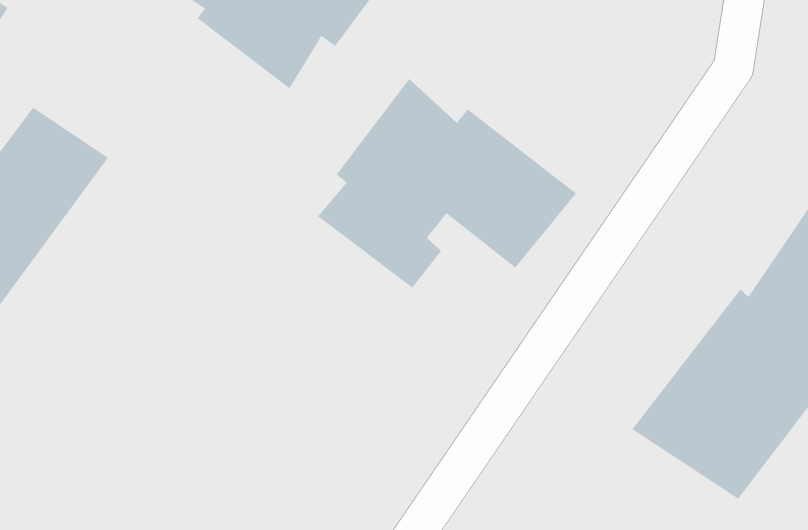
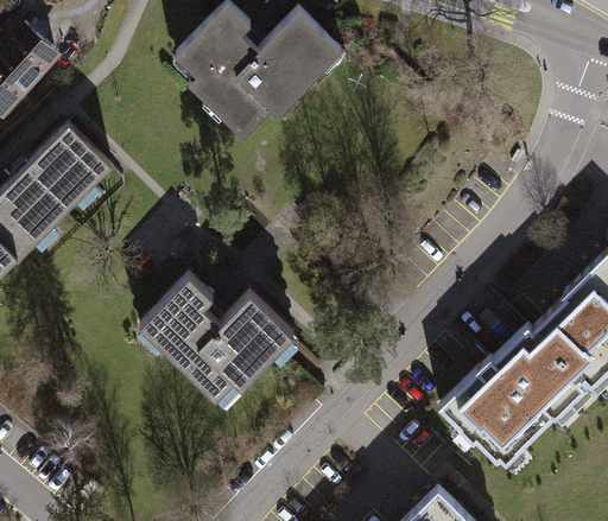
building: [317,78,577,288] -> none
building: none -> [139,275,294,399]

